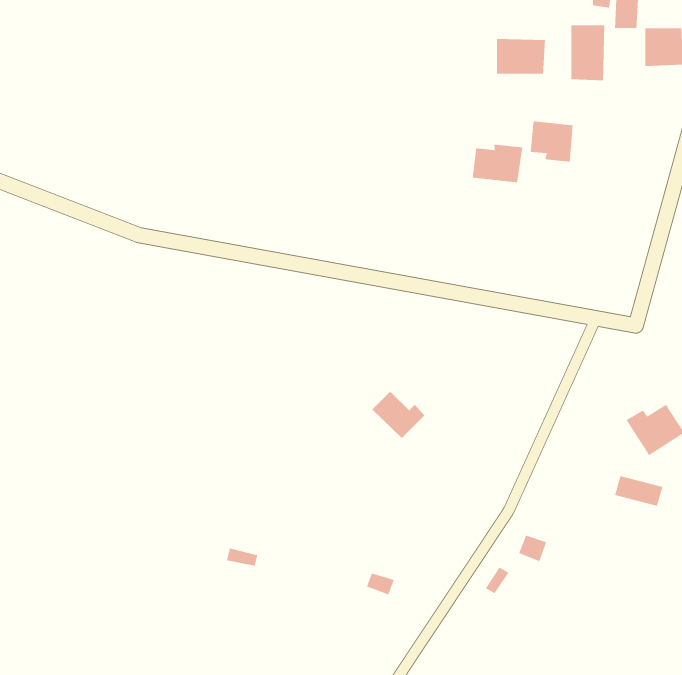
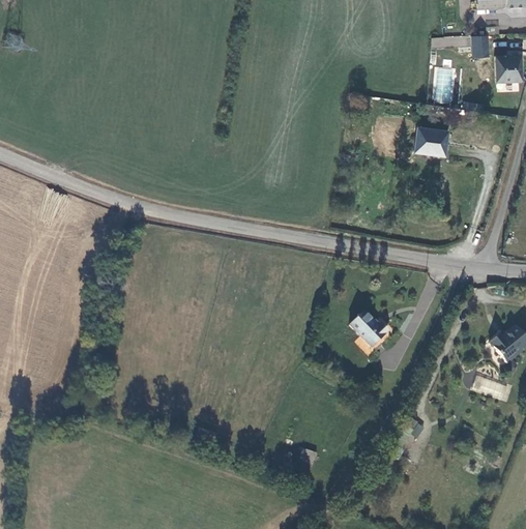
building: [496,38,546,75] -> none
building: [472,144,523,183] -> none
building: [371,391,425,439] -> [351,311,389,345]

